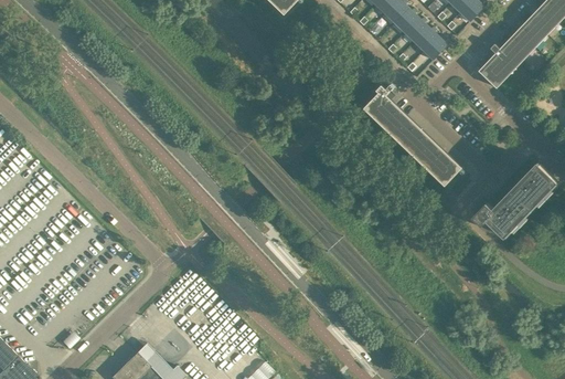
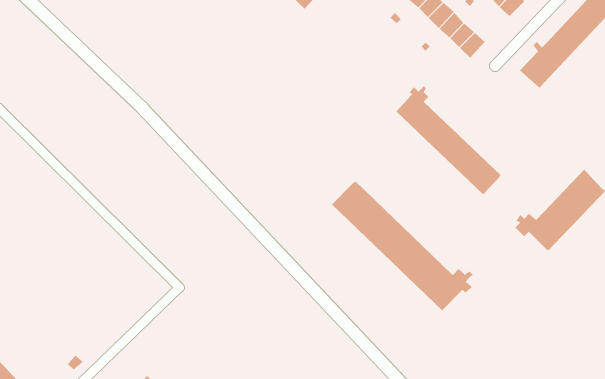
building: none -> [331,181,474,311]

